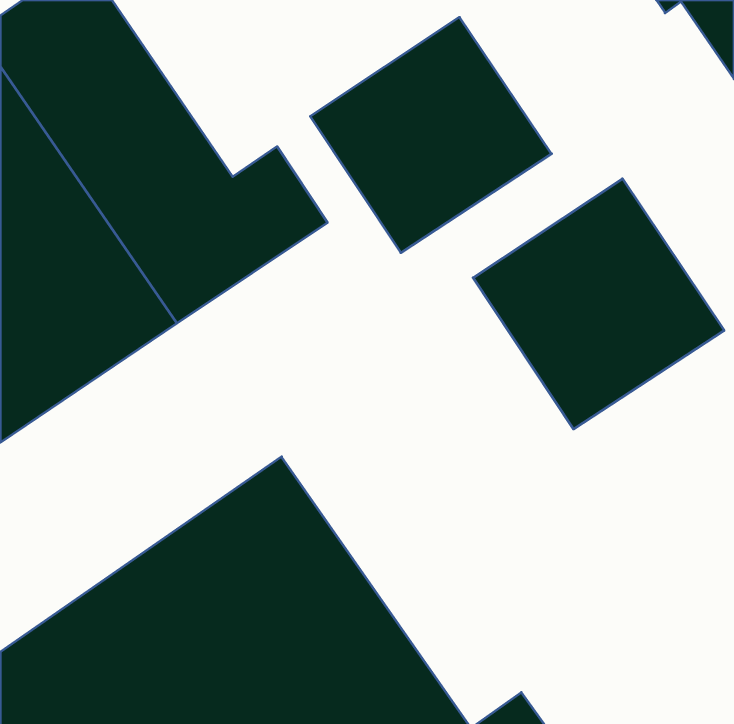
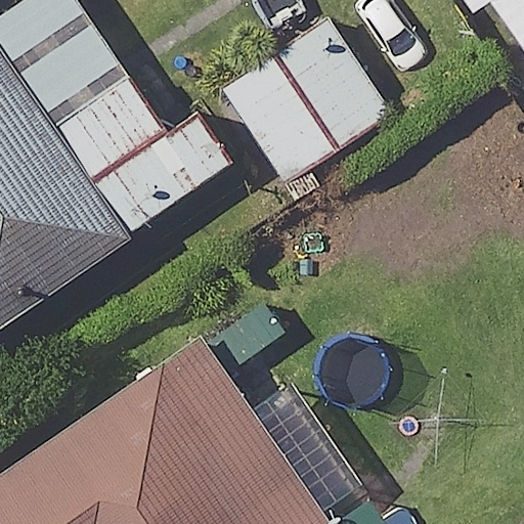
building: [473,179,724,429] -> none

